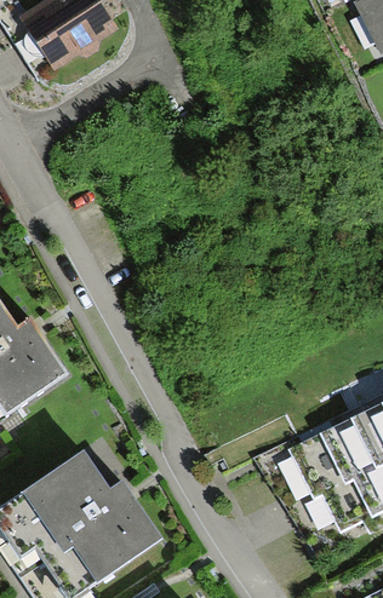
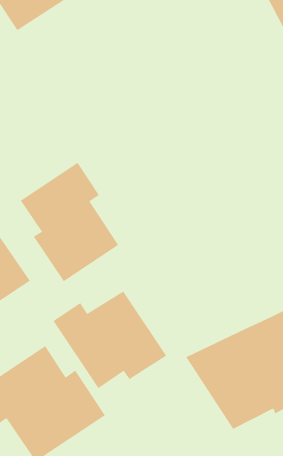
building: none -> [20,162,119,282]
building: none -> [52,290,167,389]

